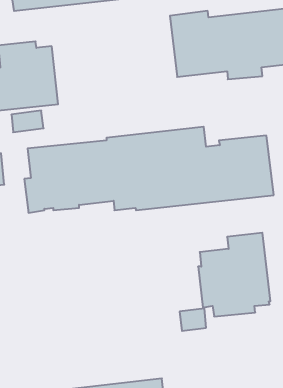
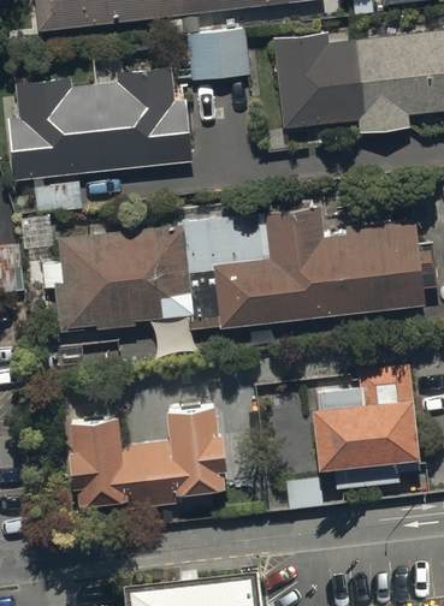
building: none -> [185,28,249,78]
building: none -> [94,66,193,171]
building: none -> [70,408,230,511]

